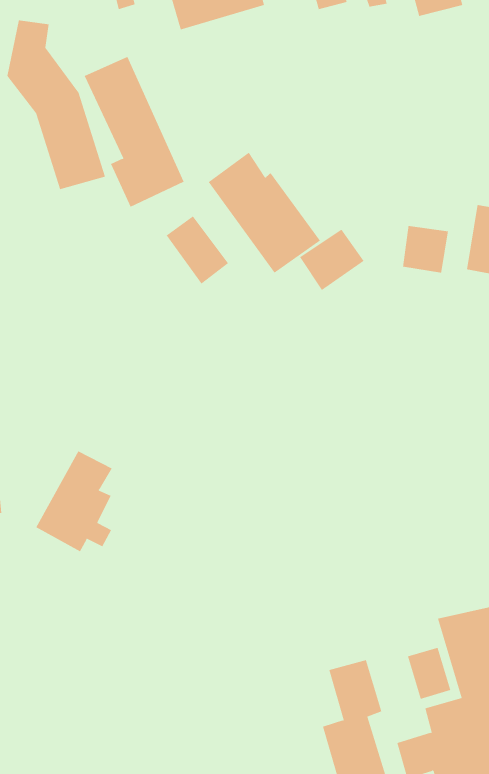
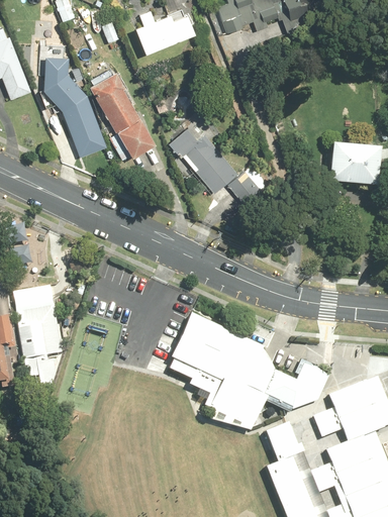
building: [166,216,229,285] -> none
building: [402,225,449,274] -> none
building: [35,450,113,552] -> none
building: none -> [169,311,328,428]

